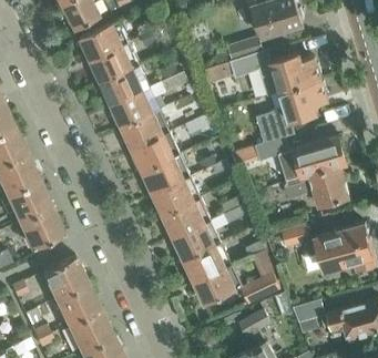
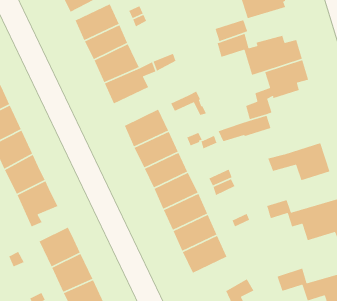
building: [121,109,168,149] -> none
building: [292,135,347,178] -> none
building: [241,273,280,305] -> none

